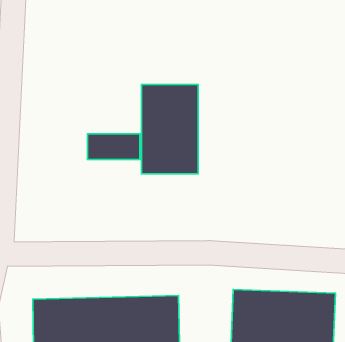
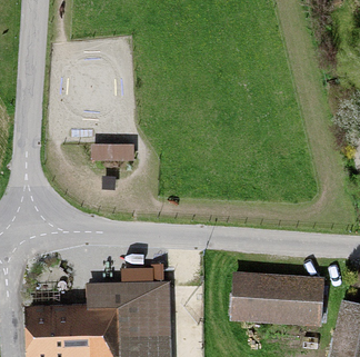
building: [141,84,198,174] -> none

